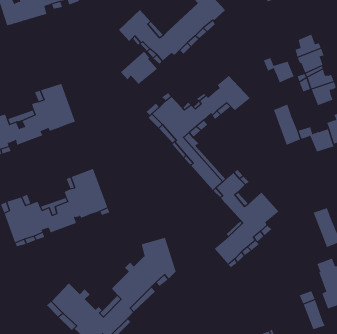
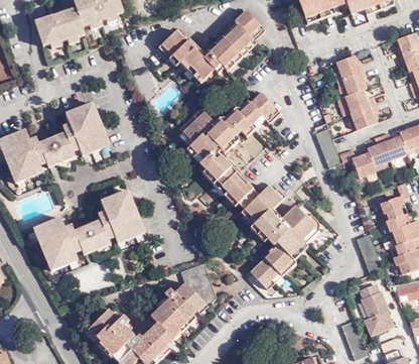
building: [120,51,158,85] -> none
building: [263,57,294,83] -> none

